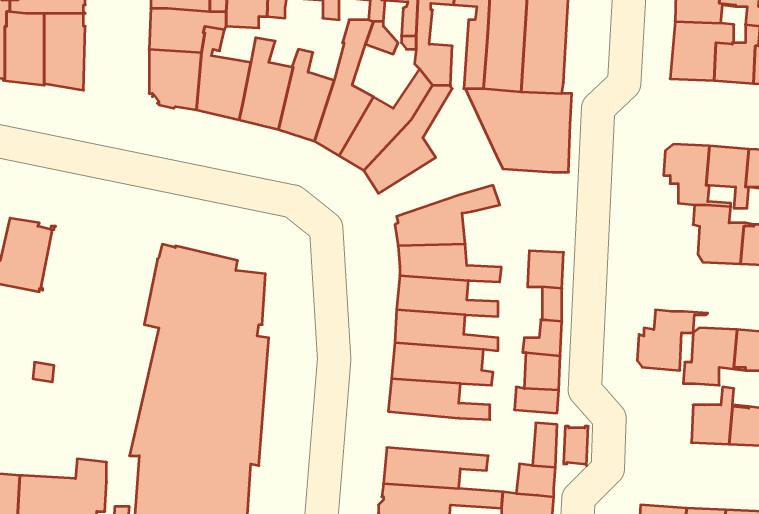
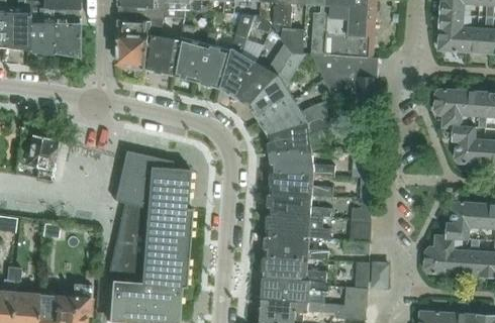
building: none -> [259,97,335,135]
building: [637,310,708,370] -> [425,236,469,274]
building: none -> [264,254,326,282]

